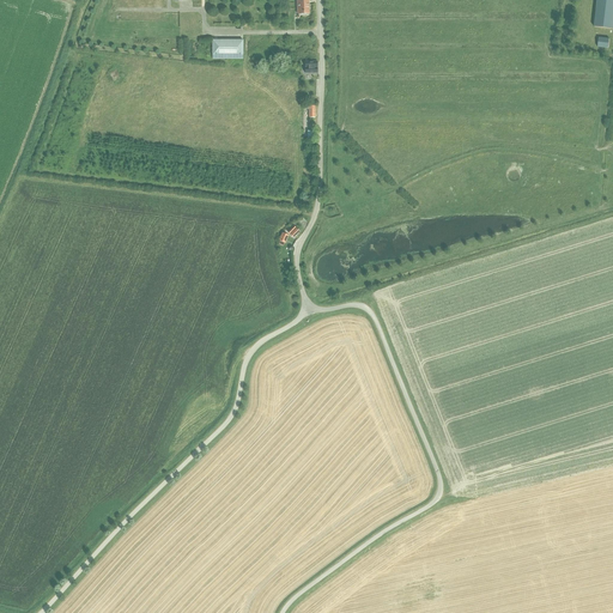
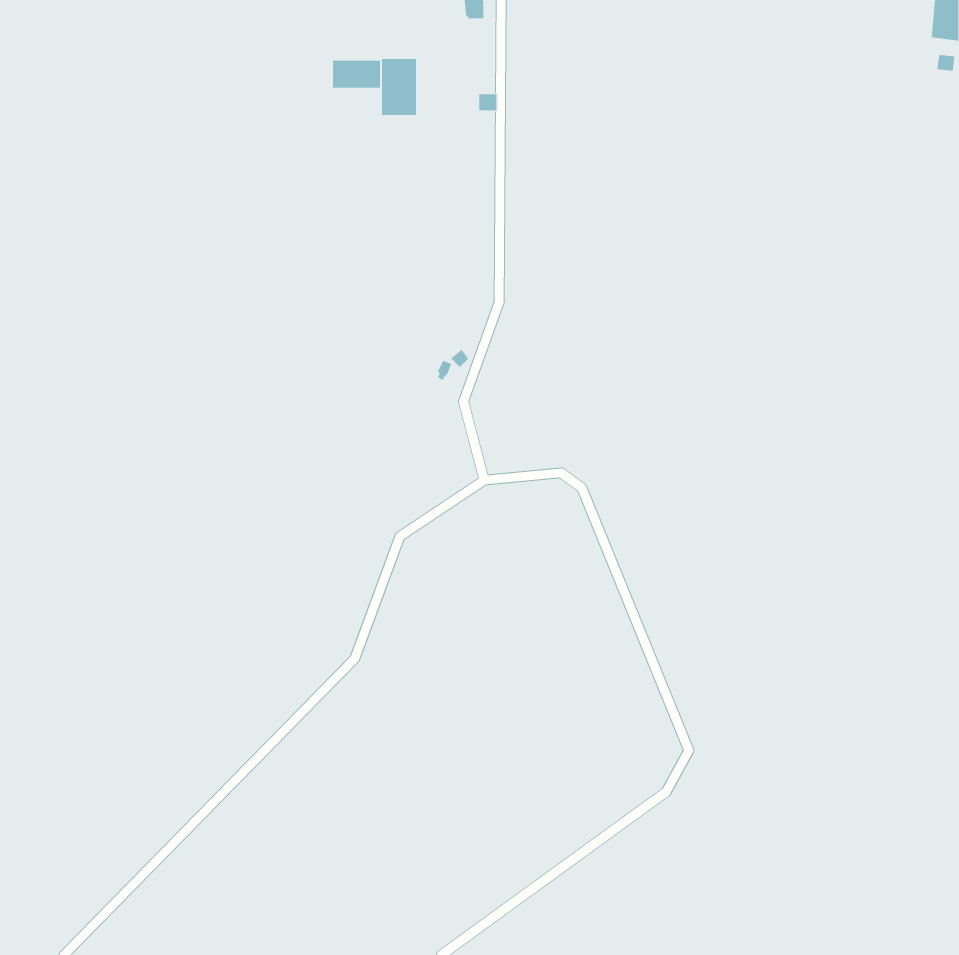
building: none -> [381,58,417,116]

